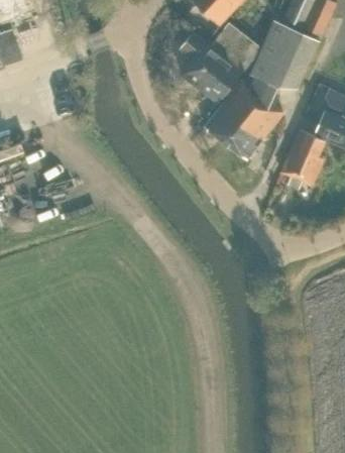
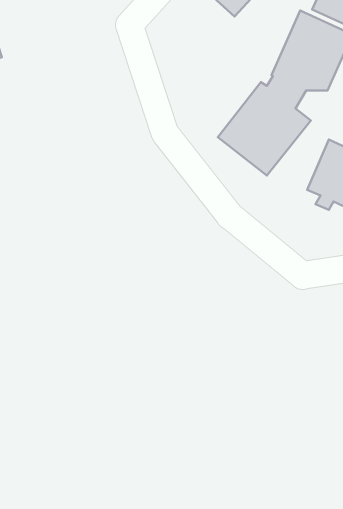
building: [179,24,257,104] -> none

